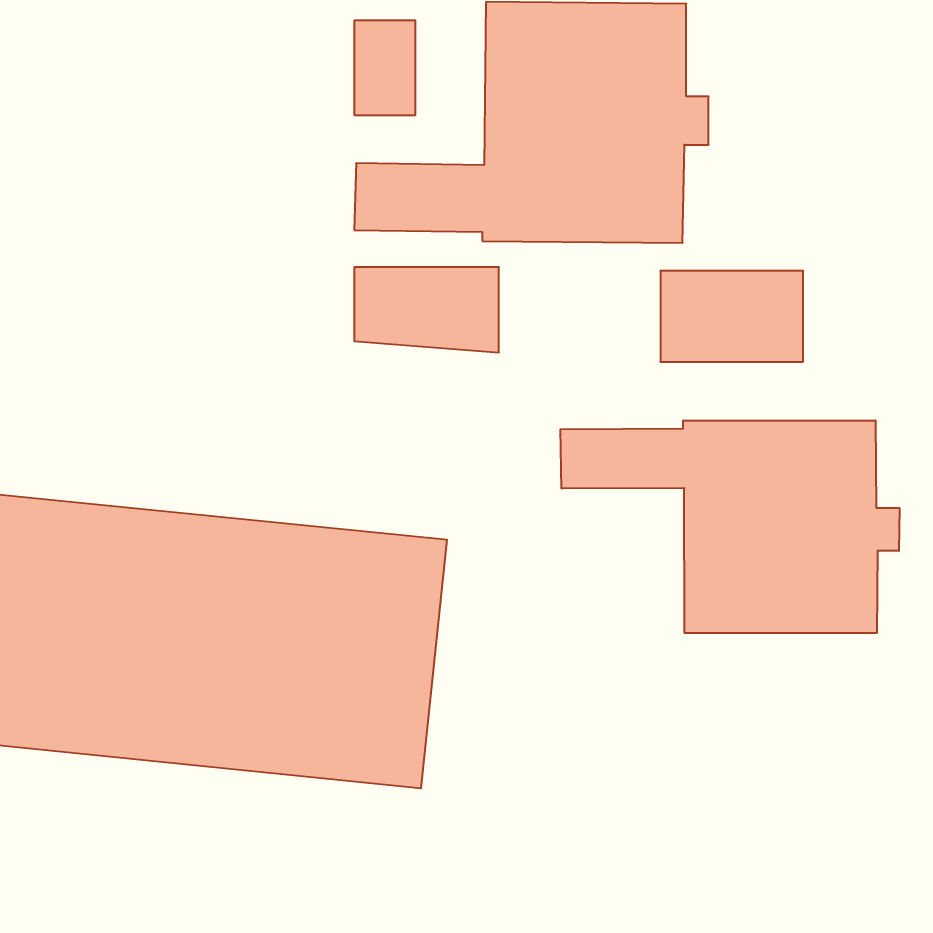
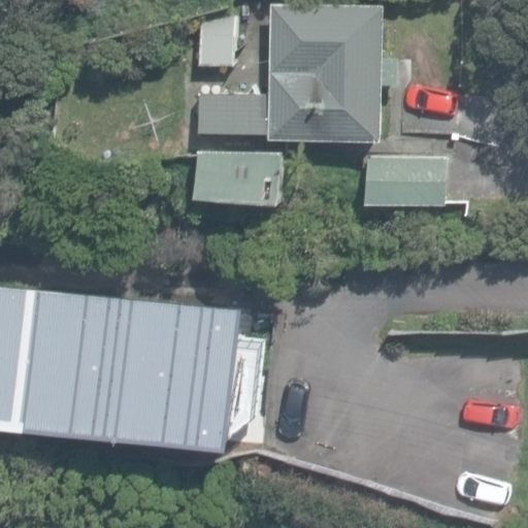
building: [560,420,899,633] -> none

